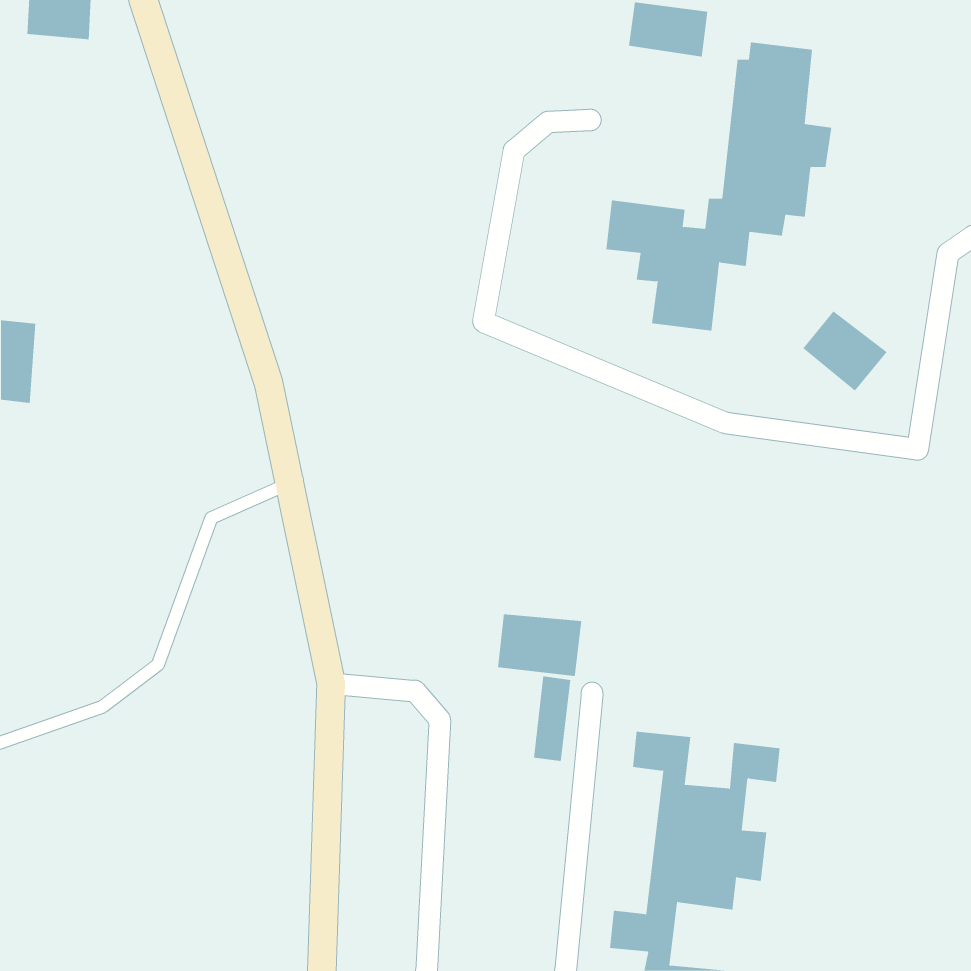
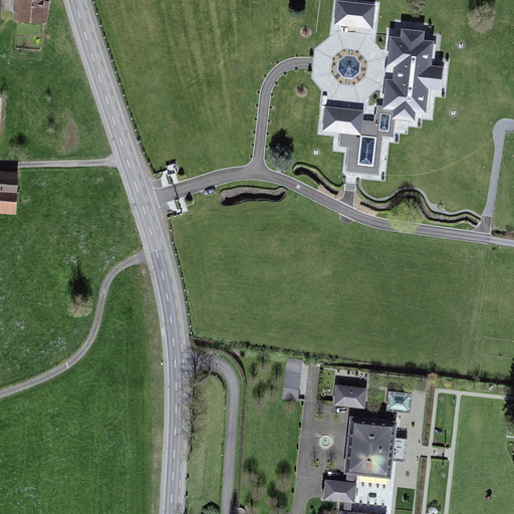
building: [802,310,888,392] -> none
building: [497,614,582,677] -> none

